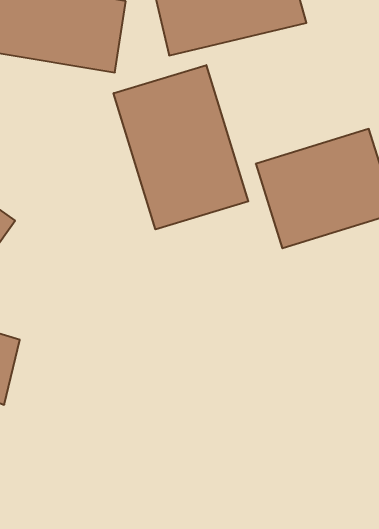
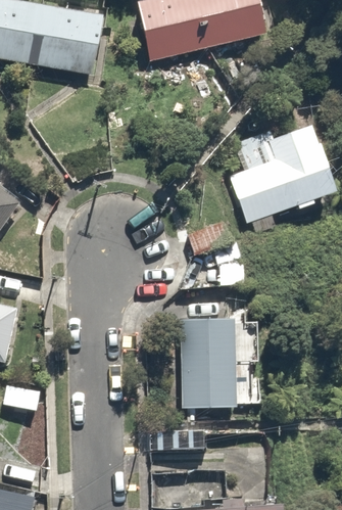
building: [114,65,248,229] -> none
building: none -> [178,326,260,419]

